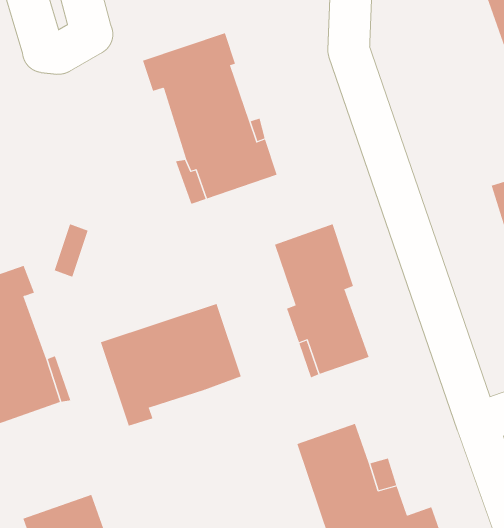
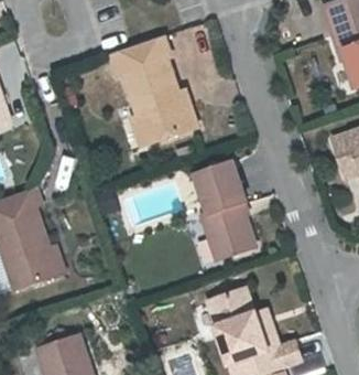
building: [100,303,241,426] -> none

